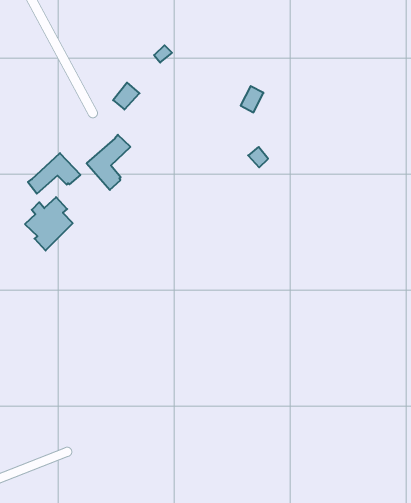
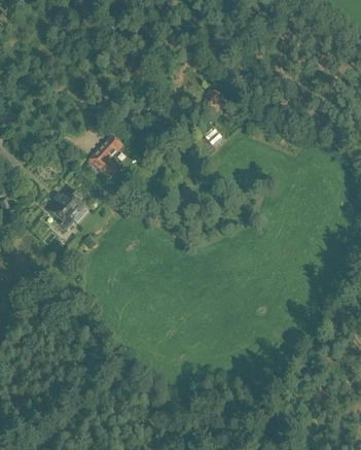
building: [28,153,80,194] -> none

